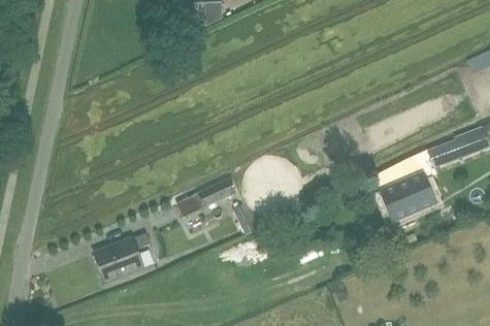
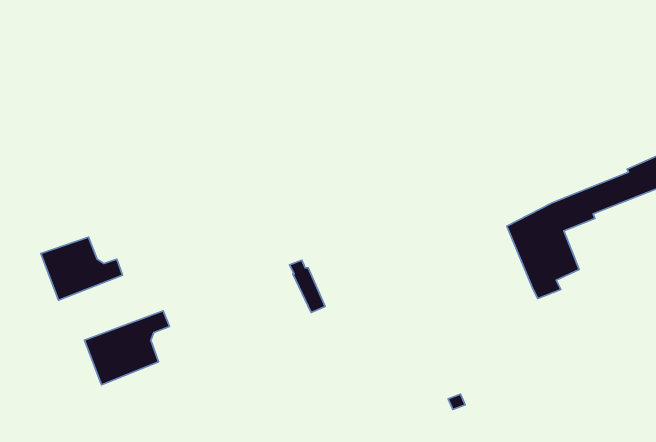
building: [177,176,237,216] -> none
building: none -> [41,237,123,300]

